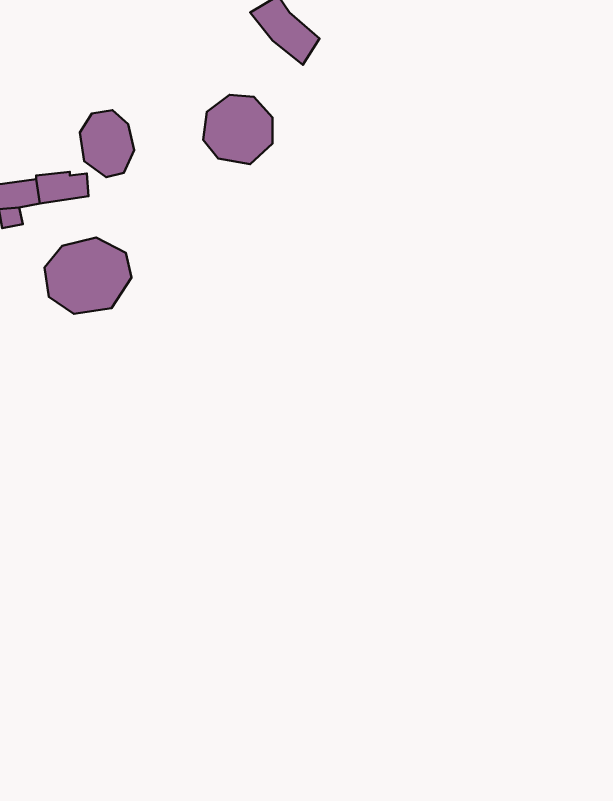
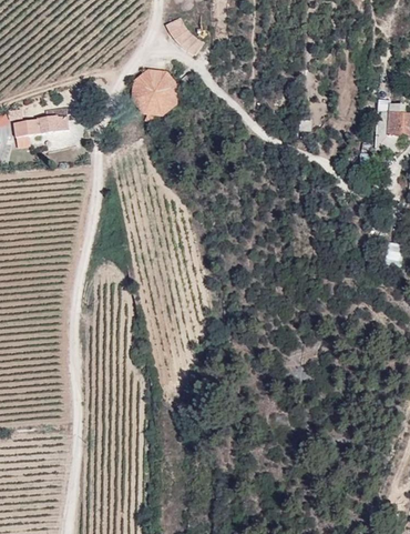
building: [80,110,134,177] -> none
building: [44,238,132,314] -> none

